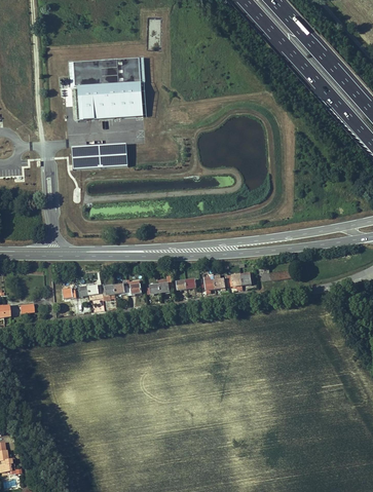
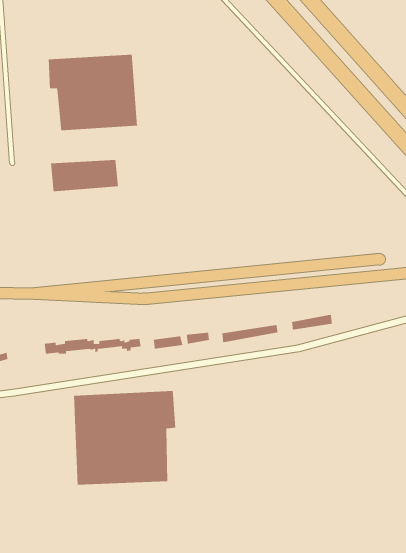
building: none -> [73,390,176,486]

